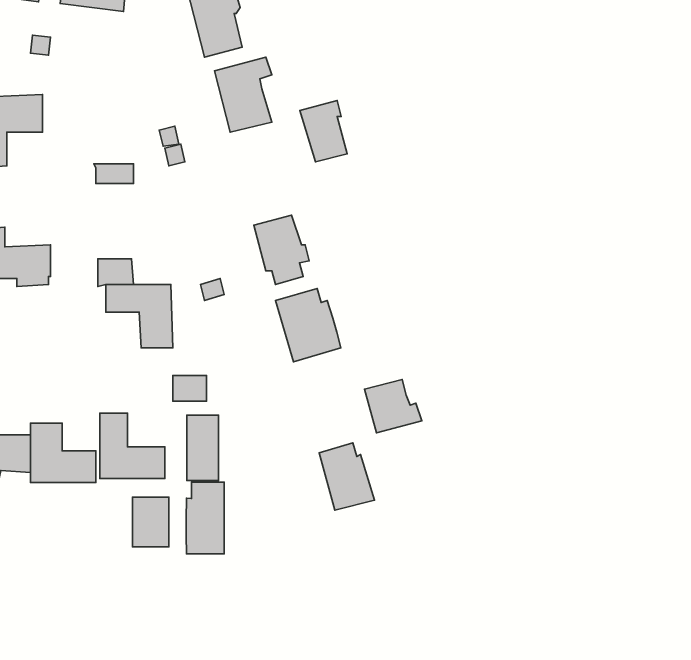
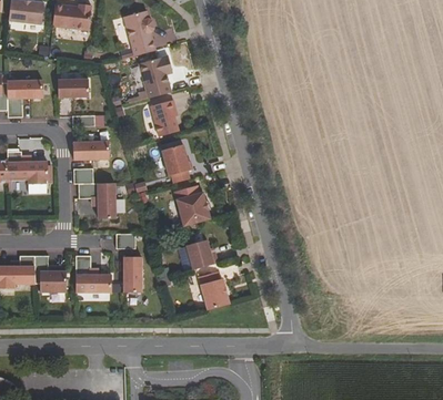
building: none -> [58,79,89,98]
building: [300,101,347,162] -> [150,101,177,135]
building: none -> [73,141,110,160]
building: [365,379,422,433] -> [187,239,219,269]
building: [186,482,224,554] -> none
building: [133,497,169,547] -> none

